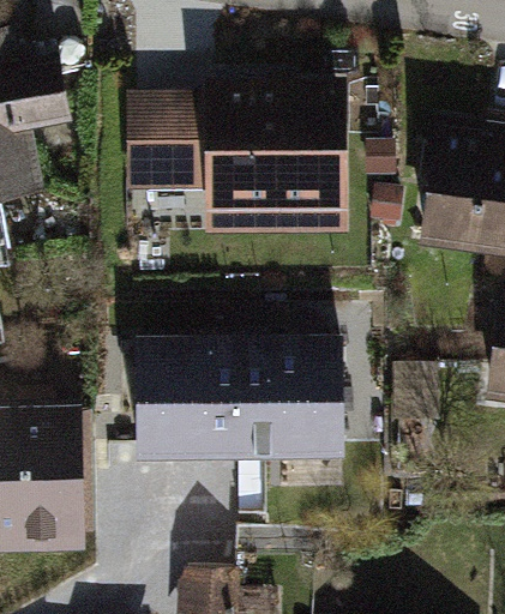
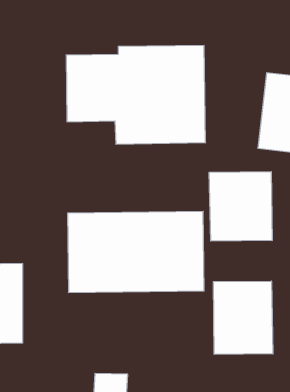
building: none -> [209,172,272,241]
building: none -> [213,281,273,354]

